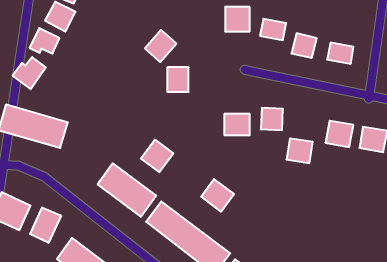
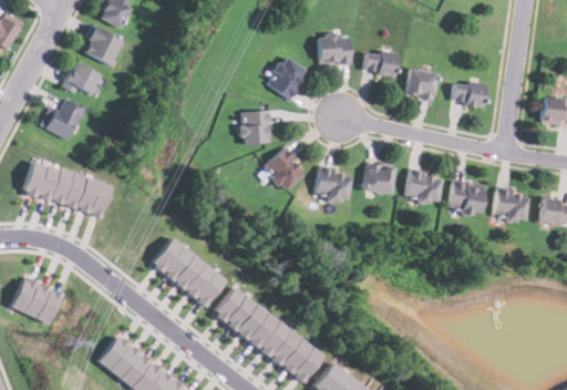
building: [145,30,176,62] -> [266,57,307,99]
building: none -> [265,151,303,192]
building: [286,138,313,163] -> [406,171,441,203]
building: [141,140,173,172] -> none
building: [201,179,234,212] -> none
building: [30,207,61,243] -> none

